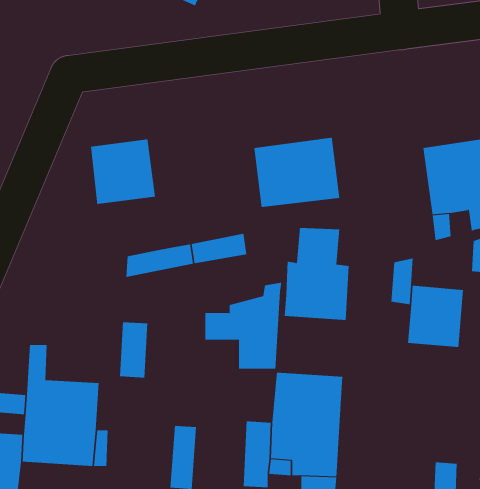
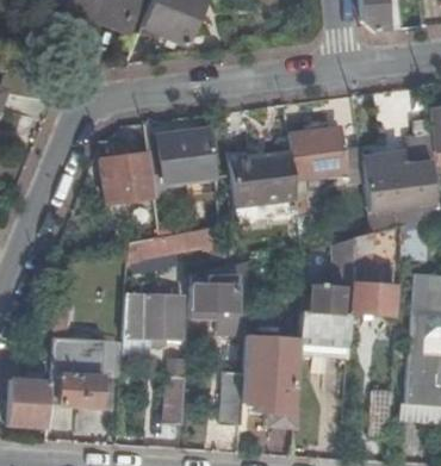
building: none -> [288,126,344,178]
building: none -> [149,129,217,194]
building: [284,228,349,321] -> [298,284,349,356]
building: none -> [144,294,182,338]

